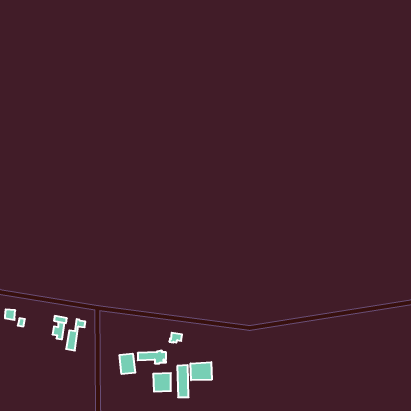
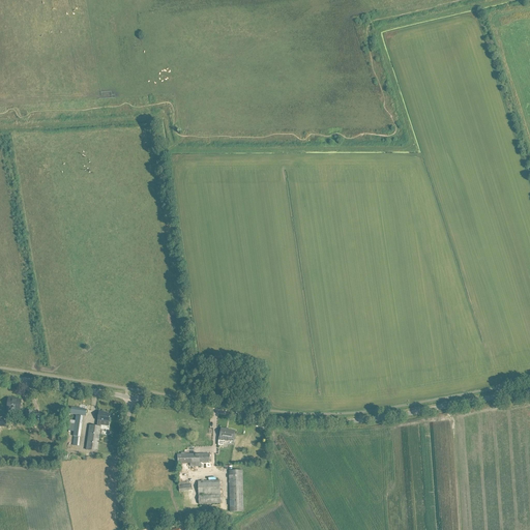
building: [120,354,135,374] -> none
building: [191,362,212,380] -> none

